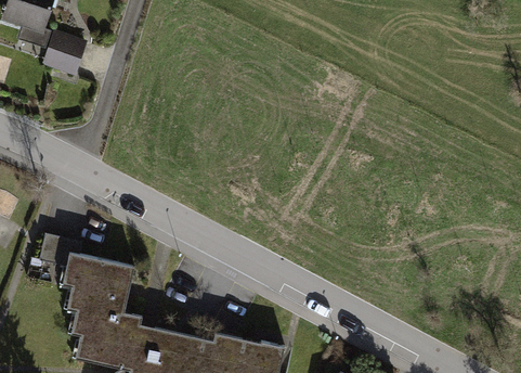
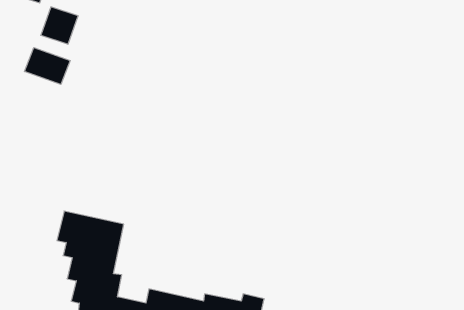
building: none -> [25,48,70,84]

